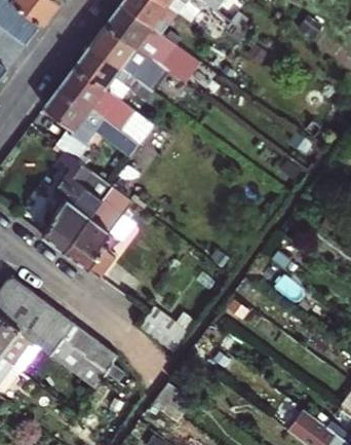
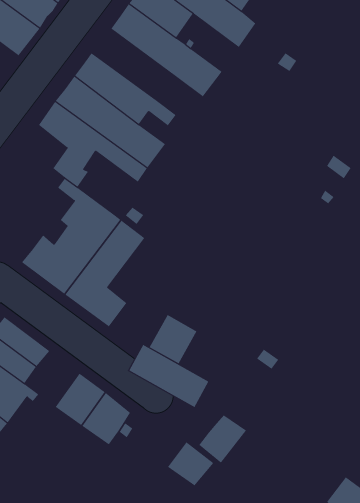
building: [87,27,159,88] -> none
building: none -> [149,314,197,364]
building: [31,302,77,349] -> none
building: none -> [198,415,247,463]

